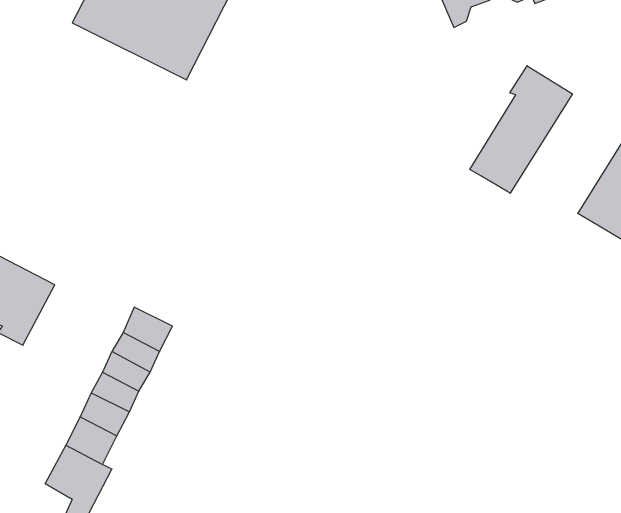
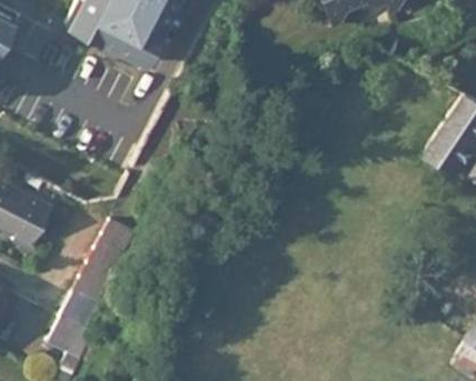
building: [470,66,572,193] -> none

